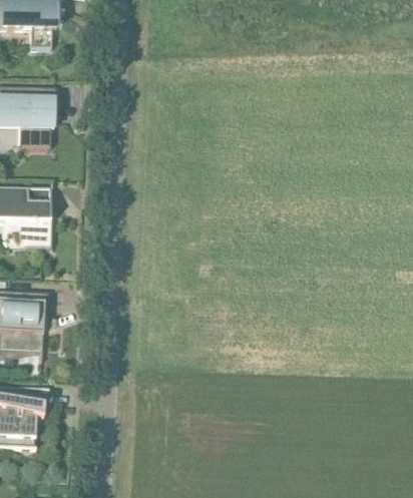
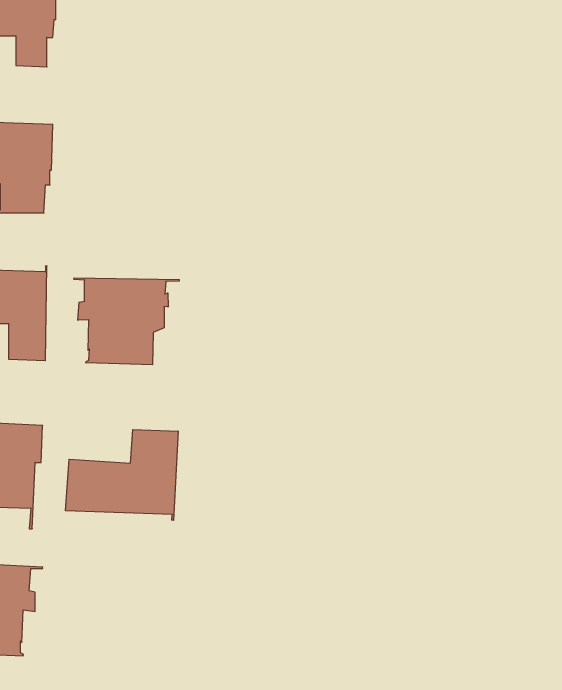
building: none -> [74,278,179,365]
building: none -> [66,430,178,520]

